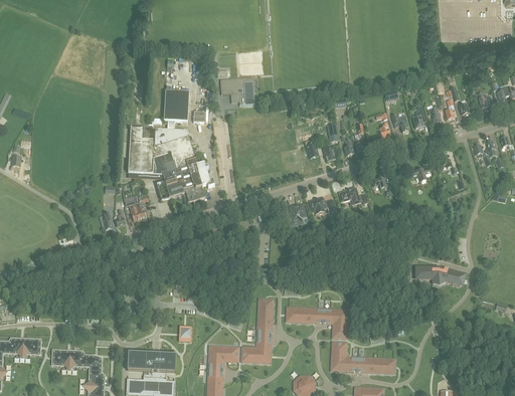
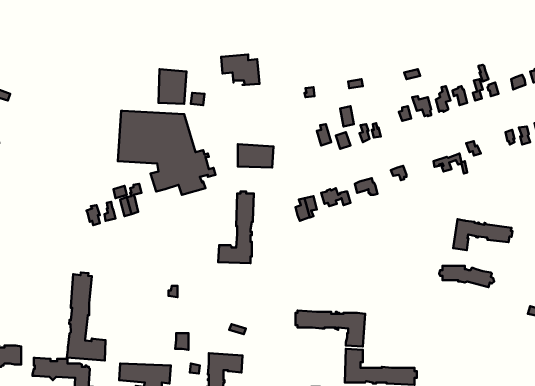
building: none -> [238,144,273,168]
building: none -> [453,219,513,250]
building: none -> [67,272,106,360]
building: [240,299,273,363] -> [218,191,254,263]

